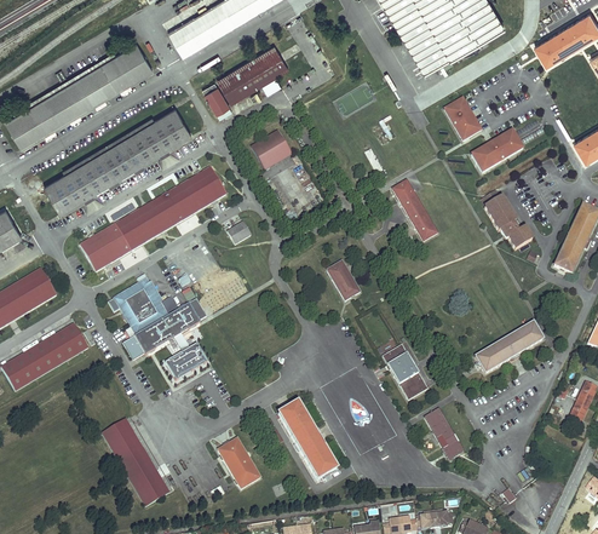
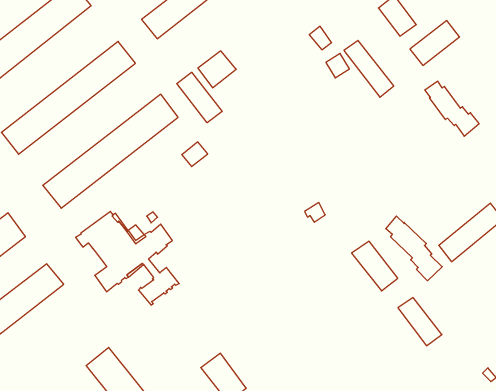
building: none -> [177,72,222,123]
building: [392,179,438,240] -> [344,40,394,97]
building: [327,259,361,299] -> none
building: none -> [386,216,442,281]
building: [277,402,335,480] -> none

